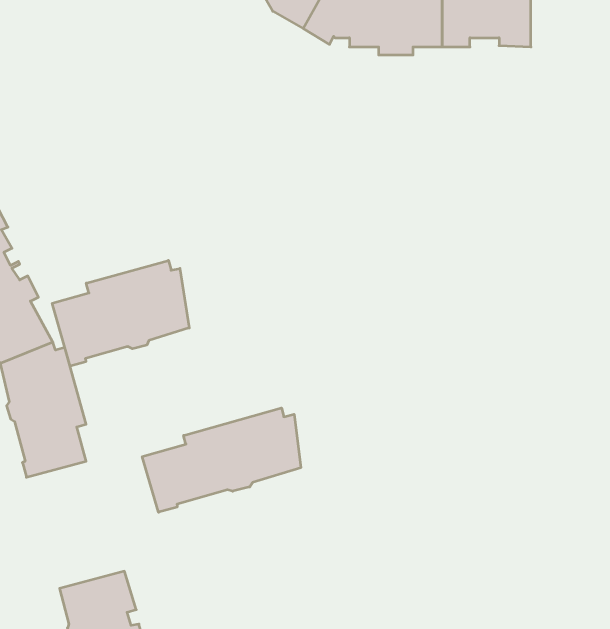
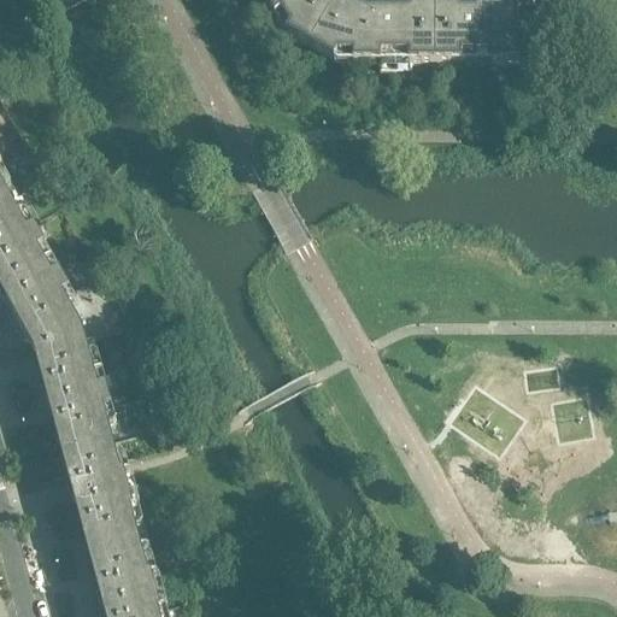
building: [52,260,189,366] -> none
building: [142,408,301,512] -> none
building: none -> [55,430,145,546]

